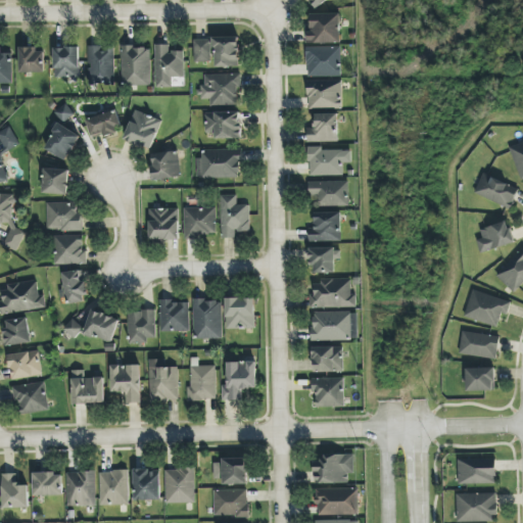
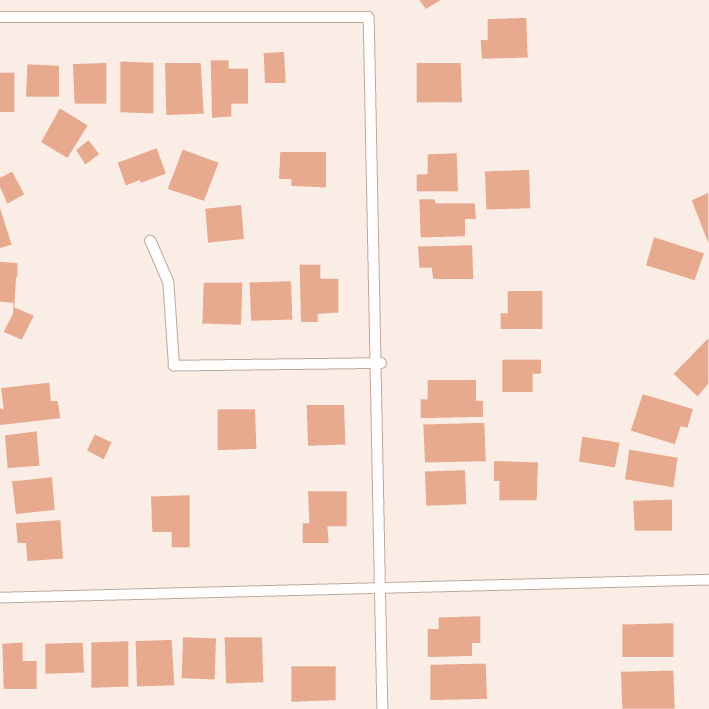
building: [304,12,340,43] -> [480,17,528,59]
building: [212,36,238,66] -> none
building: [198,73,240,104] -> none
building: [306,79,341,108] -> [484,170,531,210]
building: [44,123,80,160] -> [40,108,89,159]
building: [195,148,240,178] -> none
building: [43,168,67,193] -> none
building: [46,201,82,230] -> none
building: [308,211,340,240] -> [500,291,543,330]
building: [475,220,513,252] -> none
building: [53,235,86,264] -> none
building: [311,247,340,272] -> [501,359,542,392]
building: [59,270,87,301] -> none
building: [192,299,222,338] -> none
building: [83,308,118,342] -> none
building: [128,310,154,342] -> none
building: none -> [579,436,620,468]
building: [148,359,178,400] -> none
building: [188,365,216,399] -> none
building: [72,369,104,403] -> none
building: [311,377,344,407] -> [493,461,539,501]
building: [213,459,246,483] -> none

